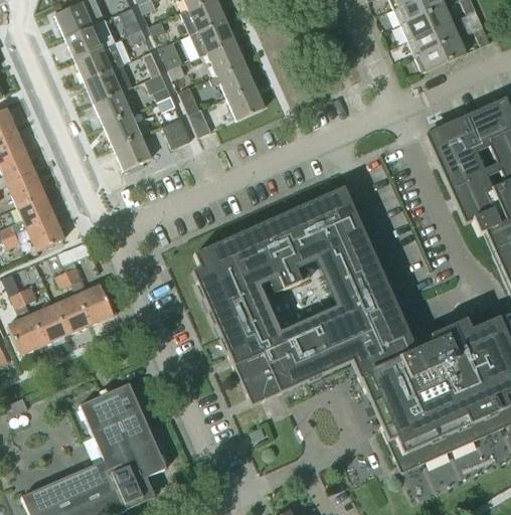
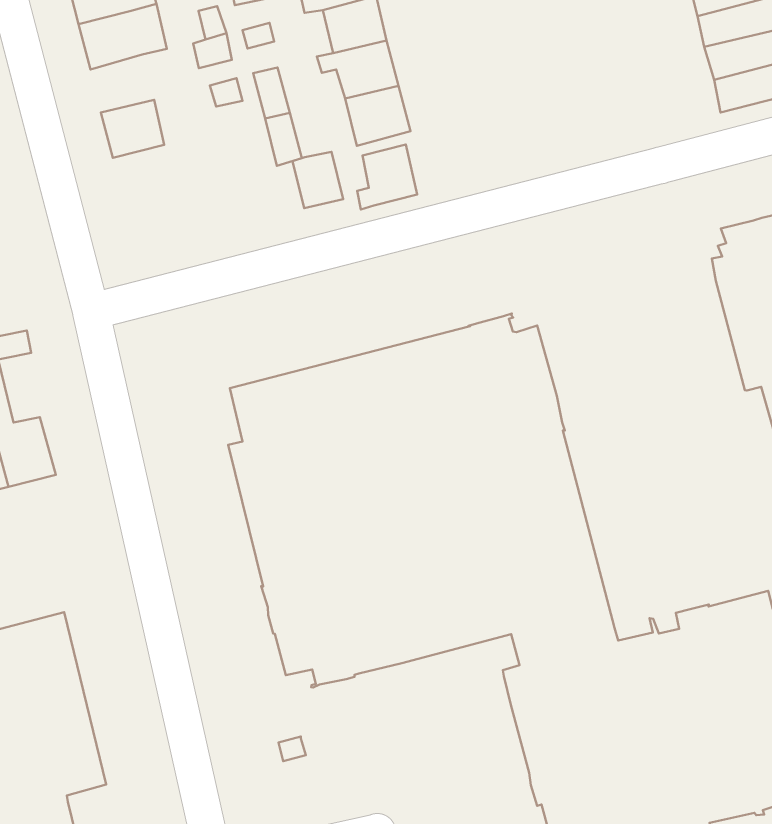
building: [96,91,131,124] -> none
building: none -> [357,145,417,209]
building: [162,117,191,148] -> [292,152,343,208]
building: [115,135,150,169] -> none

